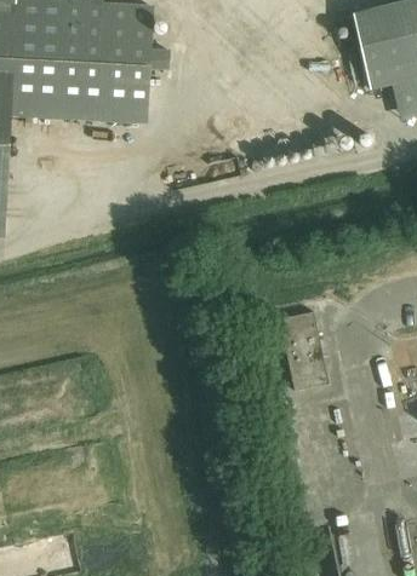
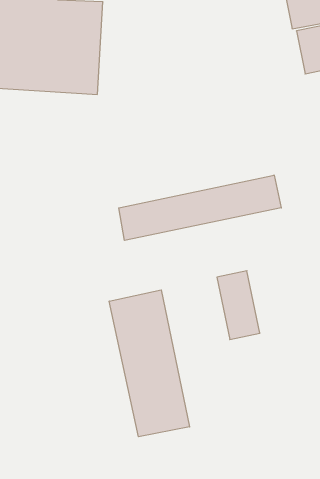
building: none -> [119,175,281,240]
building: none -> [109,290,190,437]

